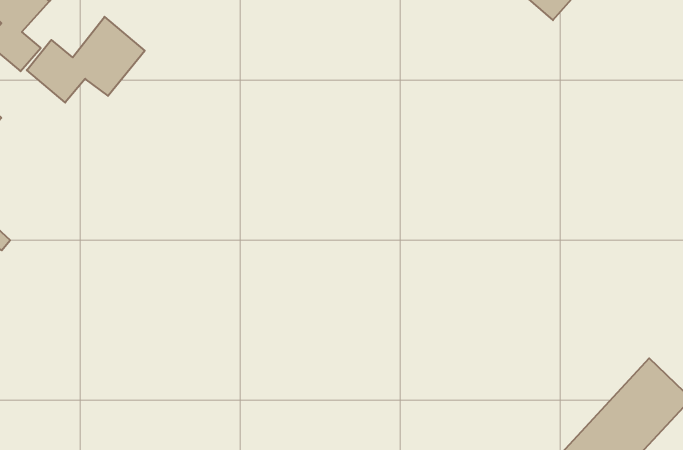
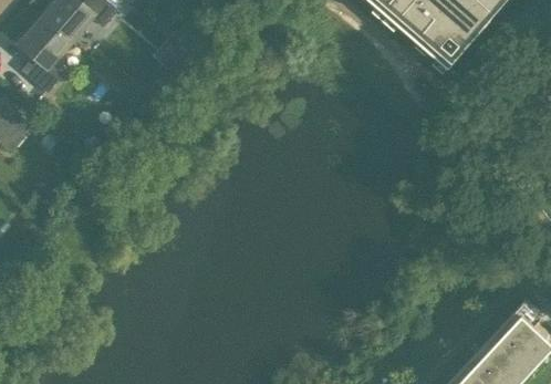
building: [27,17,145,103] -> none

